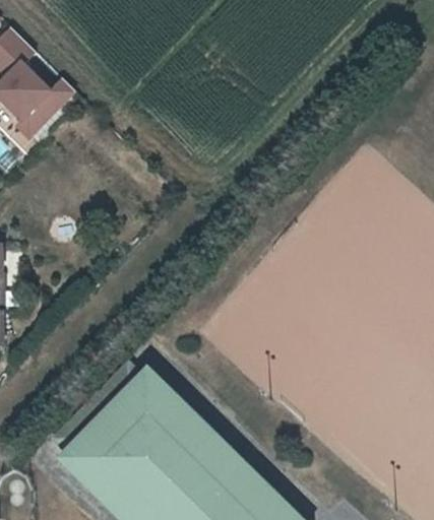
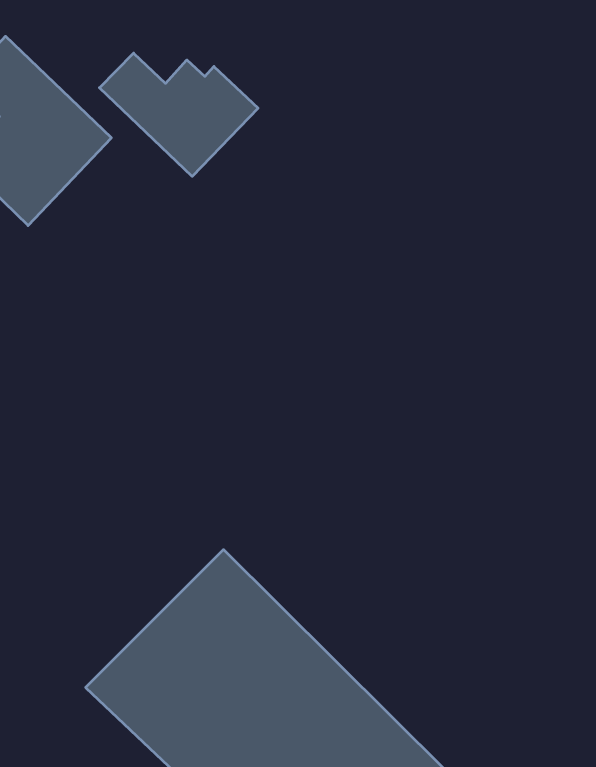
building: none -> [99,53,258,176]

